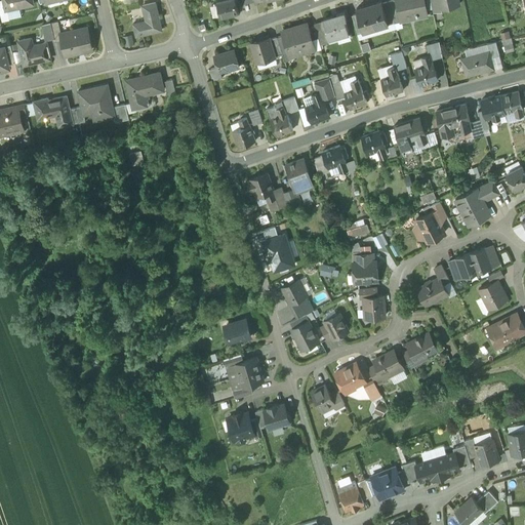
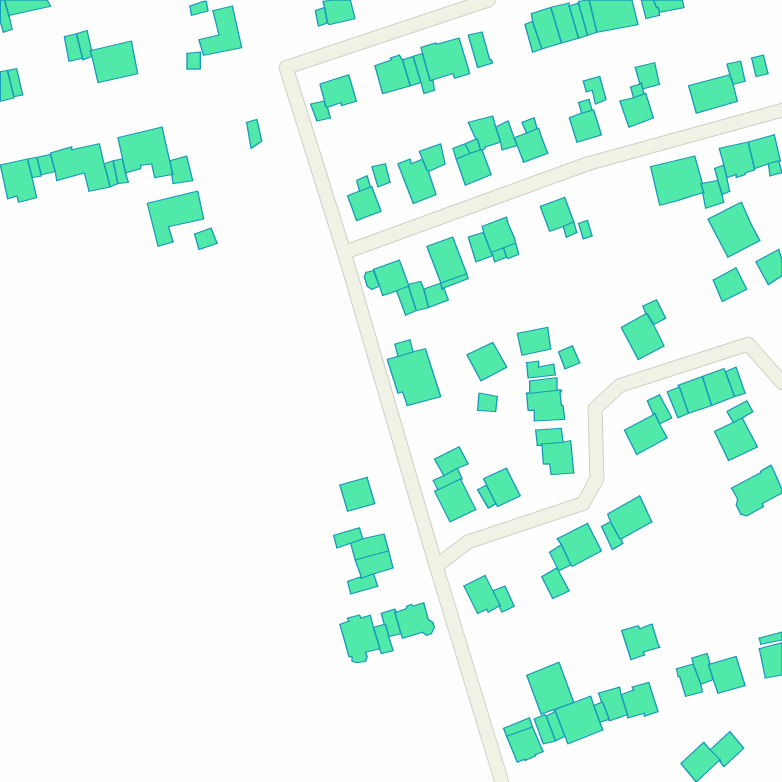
building: [323,12,349,40] -> none
building: [18,39,50,66] -> none
building: [126,73,164,110] -> [147,191,204,246]
building: [394,118,428,155] -> none
building: [455,188,490,225] -> [708,202,760,257]
building: [281,280,308,306] -> [467,343,507,381]
building: [335,363,365,391] -> none
building: none -> [527,662,574,714]
building: [435,453,460,477] -> [622,624,660,660]

